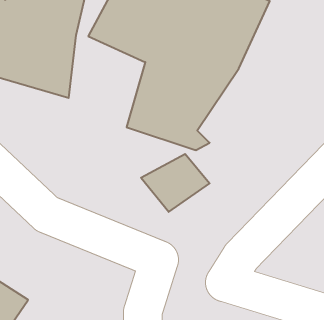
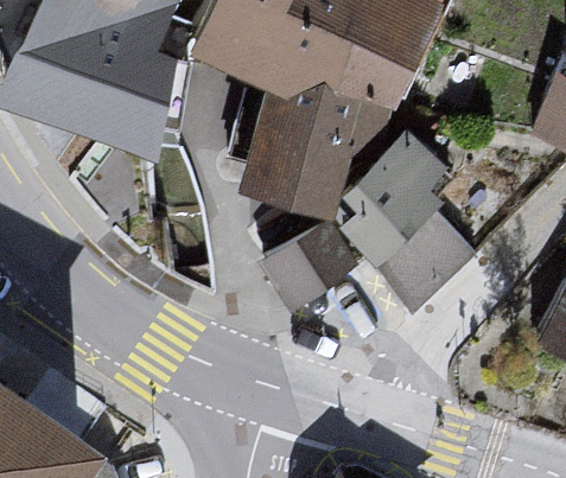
building: none -> [338,134,481,311]

